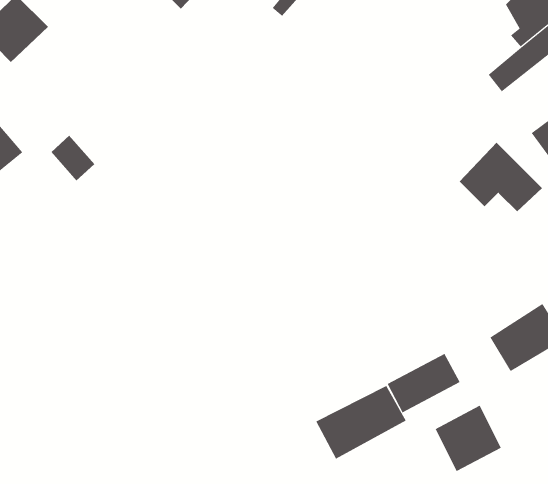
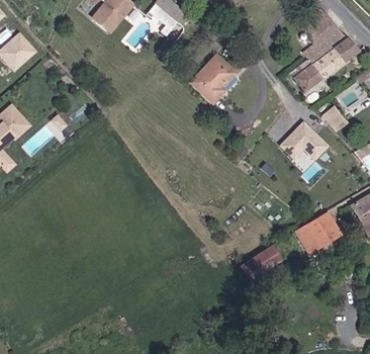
building: none -> [193,56,235,103]
building: [316,385,406,460] -> none
building: [435,405,501,472] -> none

